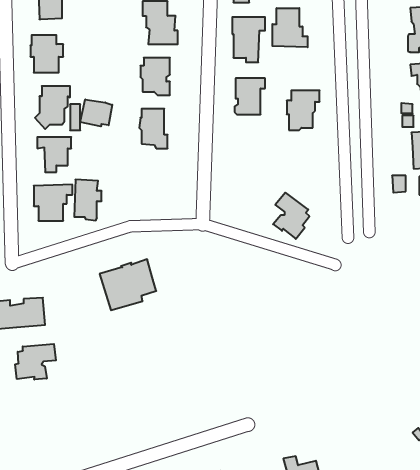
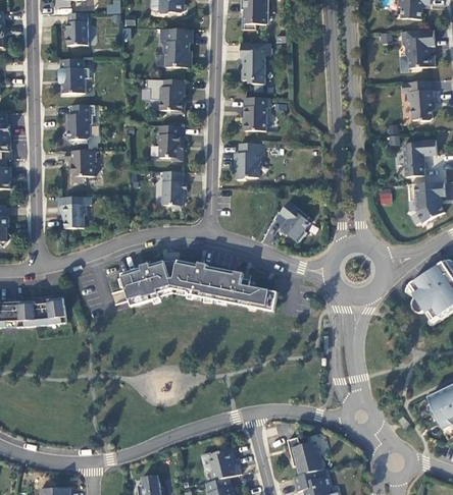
building: [272,8,308,47] -> none
building: [287,90,320,130] -> [235,143,264,178]
building: [80,99,112,126] -> none
building: [74,180,102,220] -> [162,170,187,207]
building: none -> [169,260,278,311]
building: [15,344,56,380] -> none

